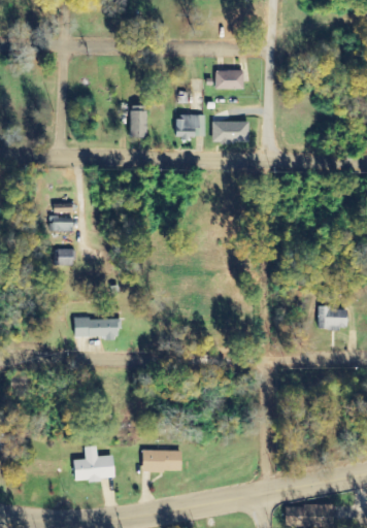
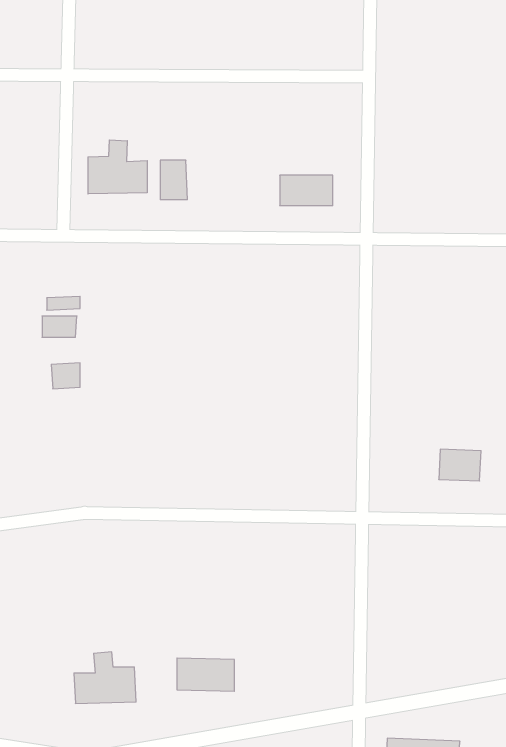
building: [213,70,242,89] -> none
building: none -> [88,140,147,194]
building: [175,114,205,137] -> none
building: [72,318,120,338] -> none

